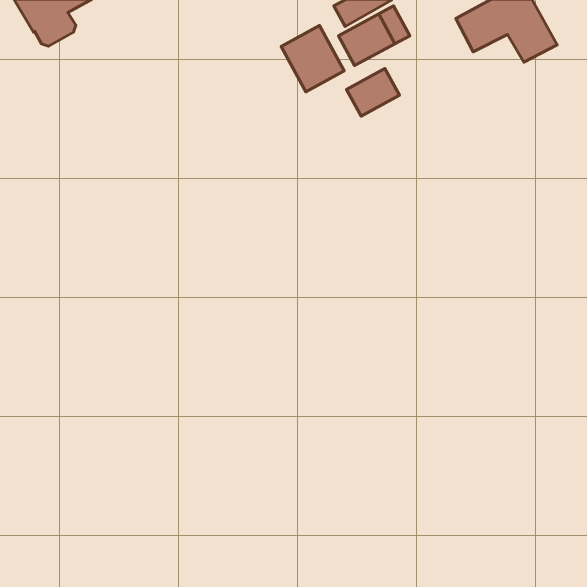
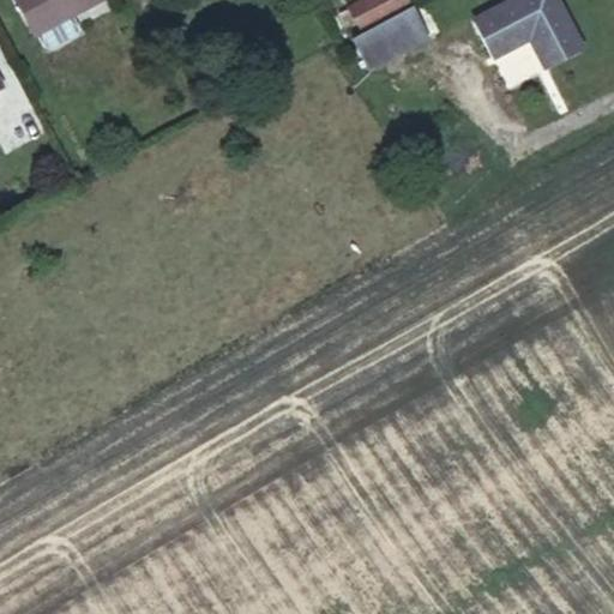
building: [281,25,344,92] -> none
building: [346,69,399,116] -> none

